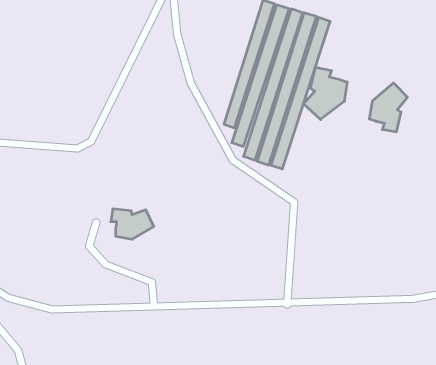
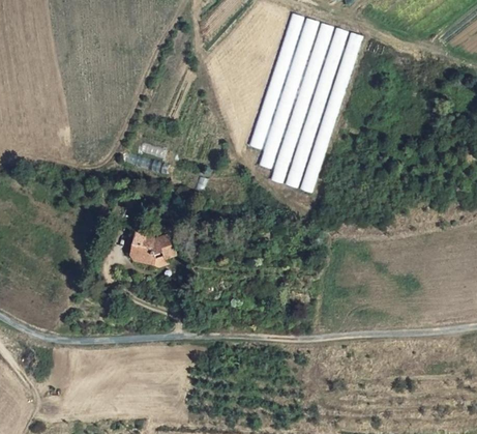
building: [304,67,347,120] -> none
building: [369,83,407,132] -> none

